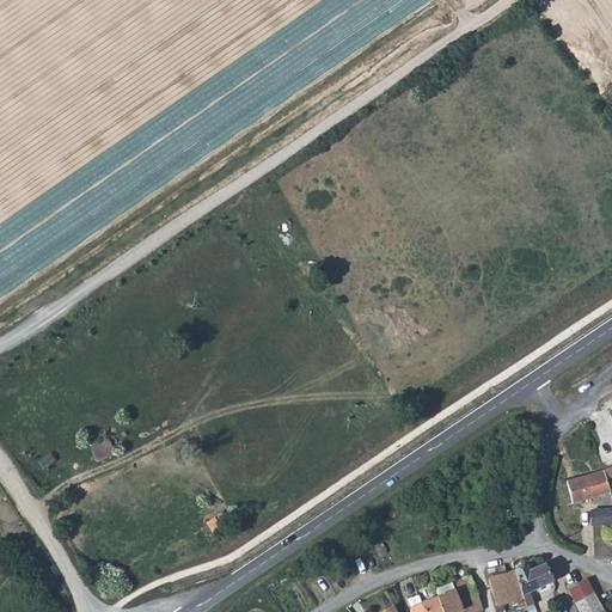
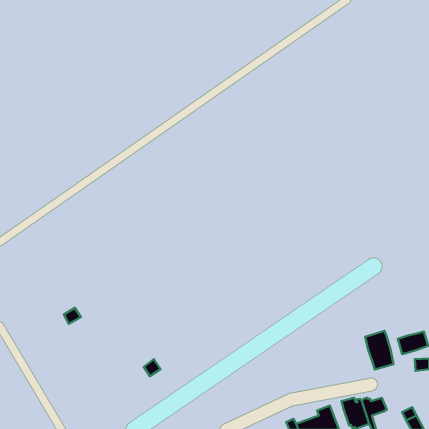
building: none -> [365,331,393,370]

